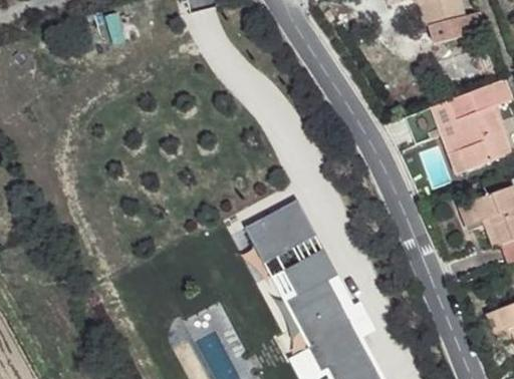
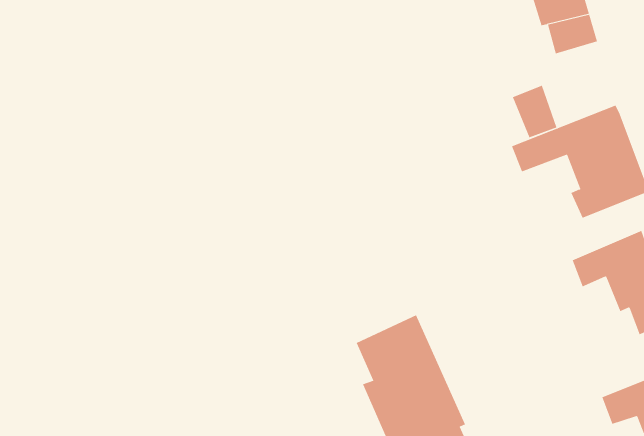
building: none -> [512,85,557,138]
building: [244,200,317,265] -> none

